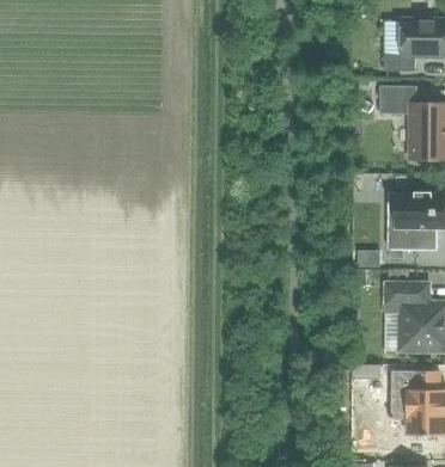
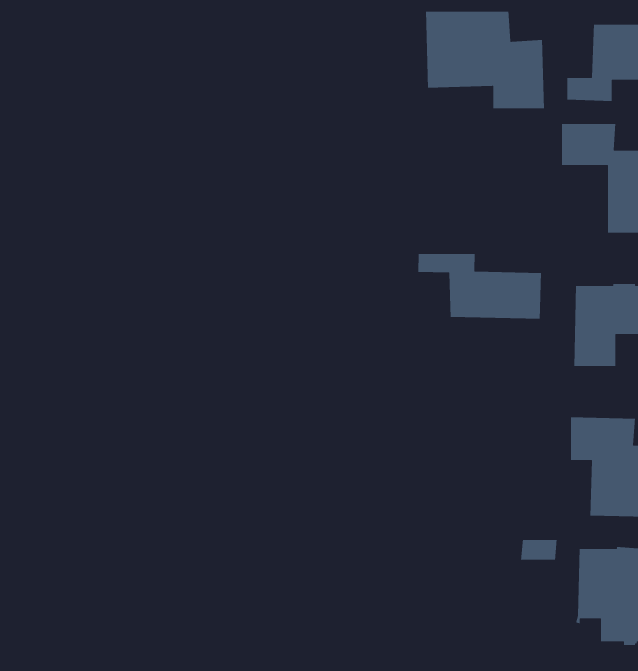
building: none -> [425,11,545,109]
building: none -> [417,253,542,320]

